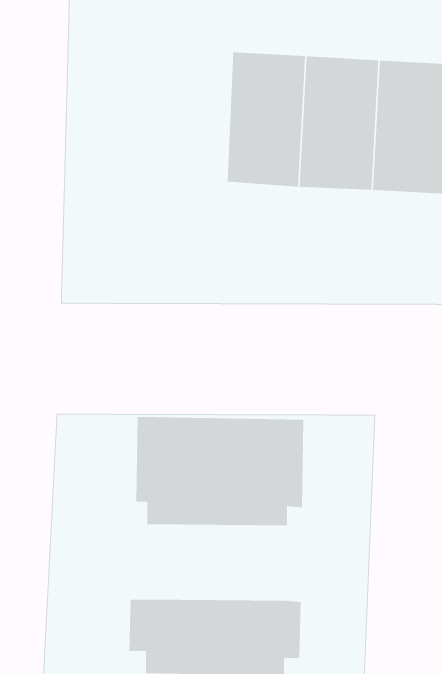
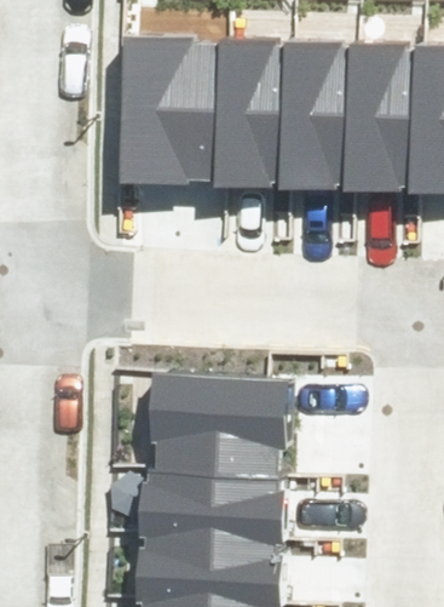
building: none -> [126,45,225,172]
building: none -> [139,473,287,539]

